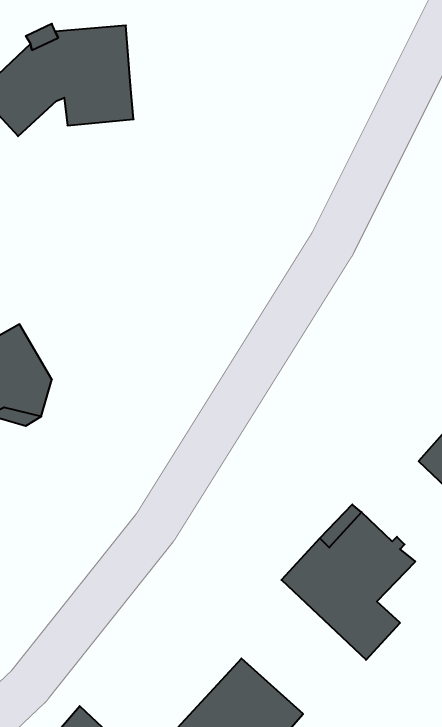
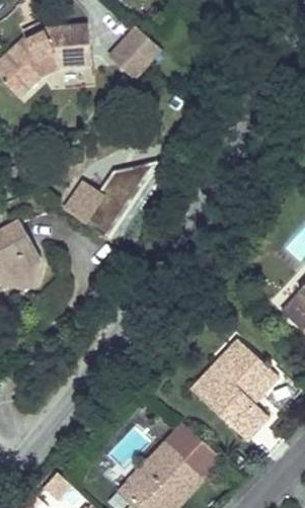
building: none -> [103,22,159,78]
building: none -> [64,164,150,234]
building: none -> [164,422,222,477]

